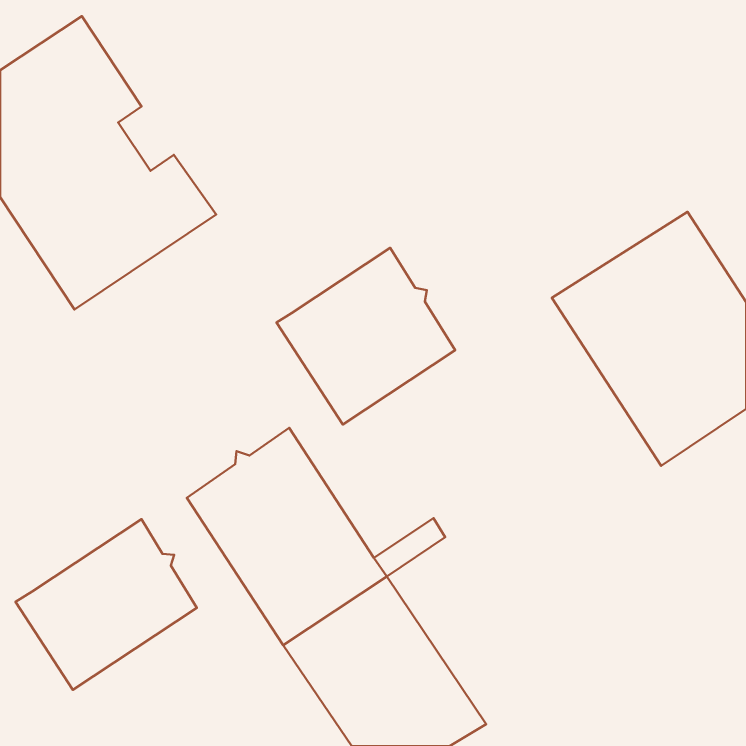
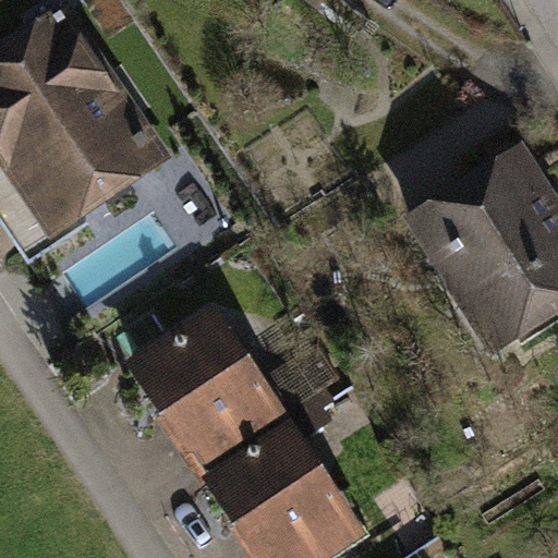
building: [276,248,455,424] -> none
building: [16,519,197,690] -> none

